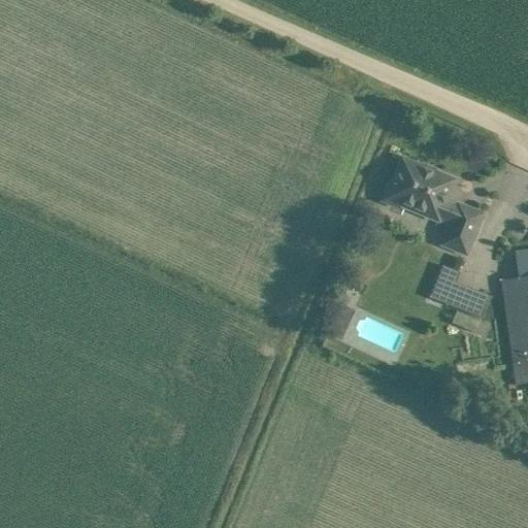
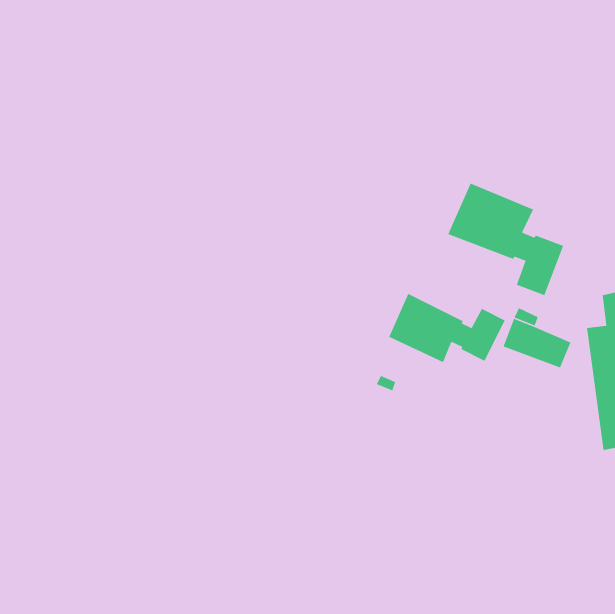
building: none -> [388,293,506,363]

